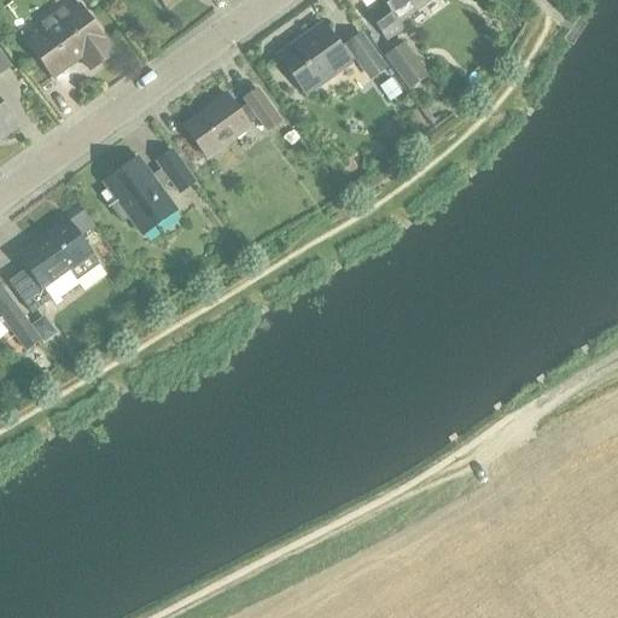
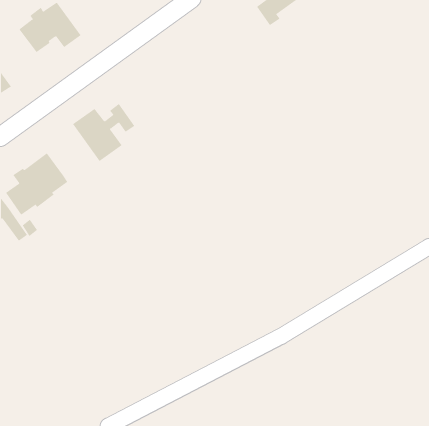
building: [276,22,384,93] -> none
building: [384,40,420,84] -> none
building: [183,87,280,156] -> none

